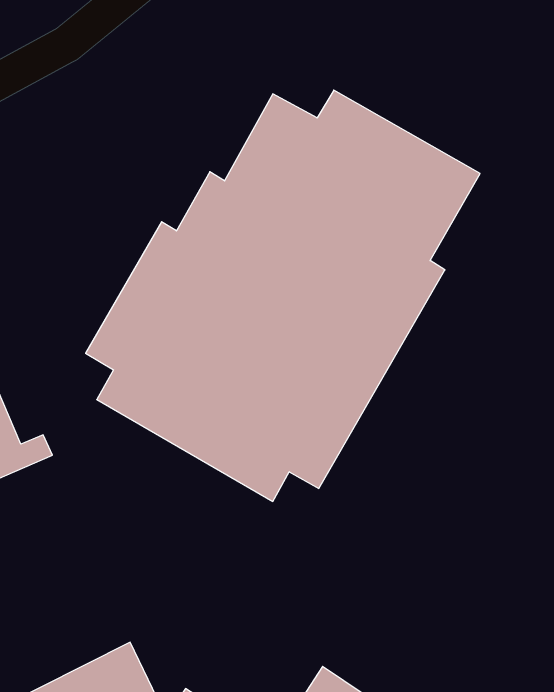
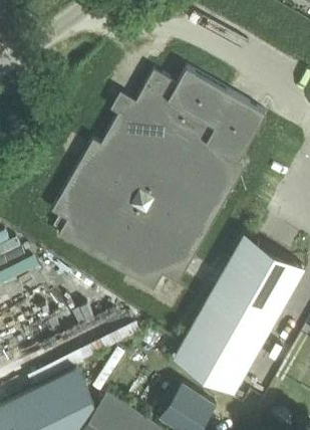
building: none -> [175,238,300,390]

